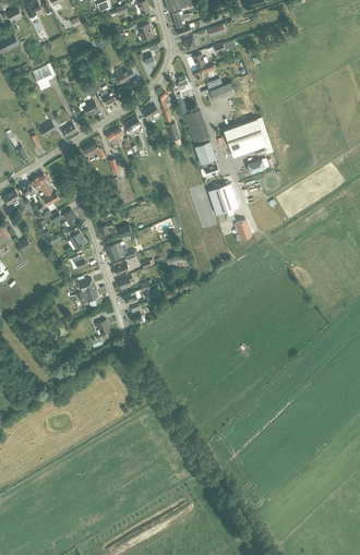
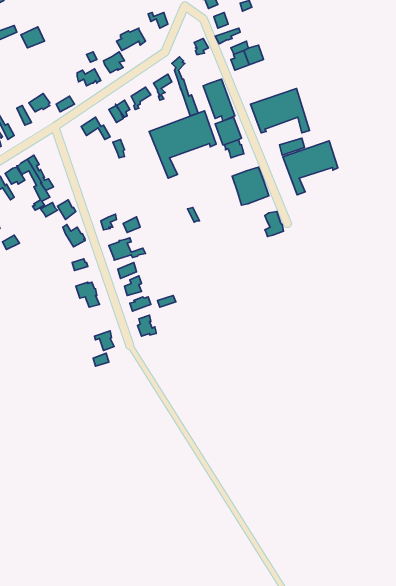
building: none -> [149,111,216,178]
building: none -> [283,141,338,195]

